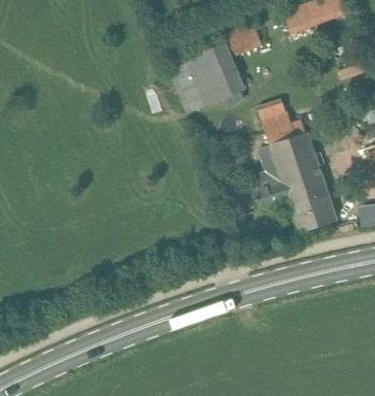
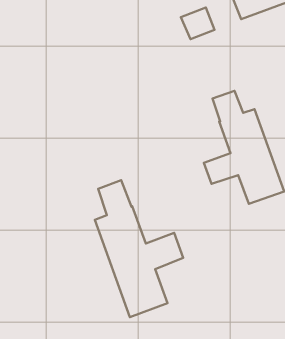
building: [169,43,244,112] -> none
building: none -> [95,180,183,317]

